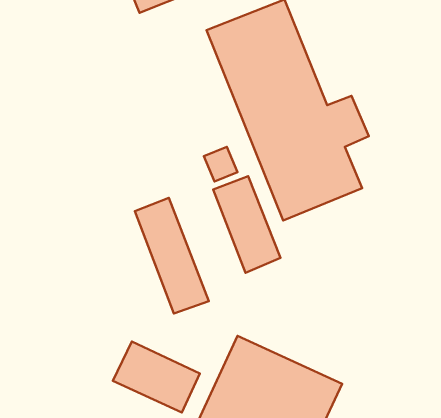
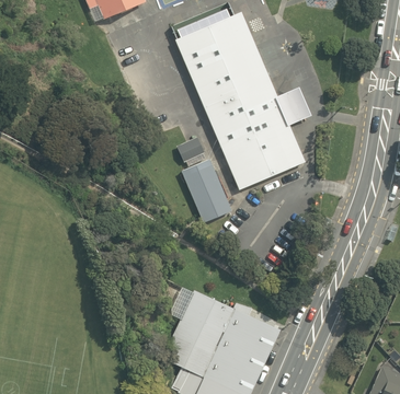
building: [135,198,209,313] -> none
building: [113,342,200,413] -> none

